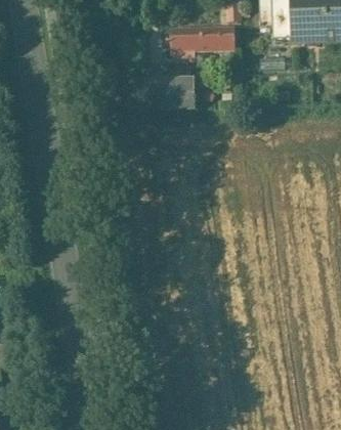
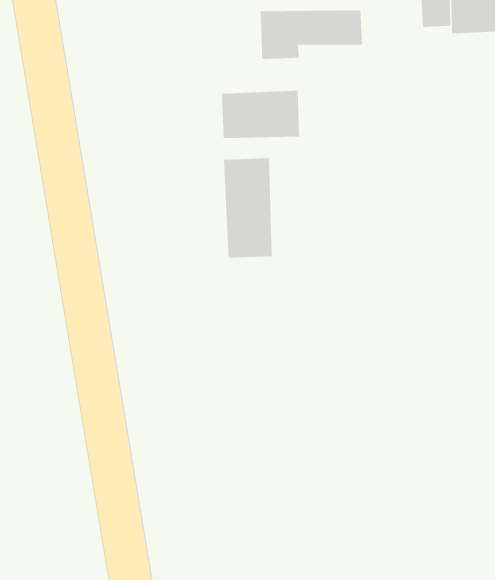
building: none -> [224,158,272,258]

